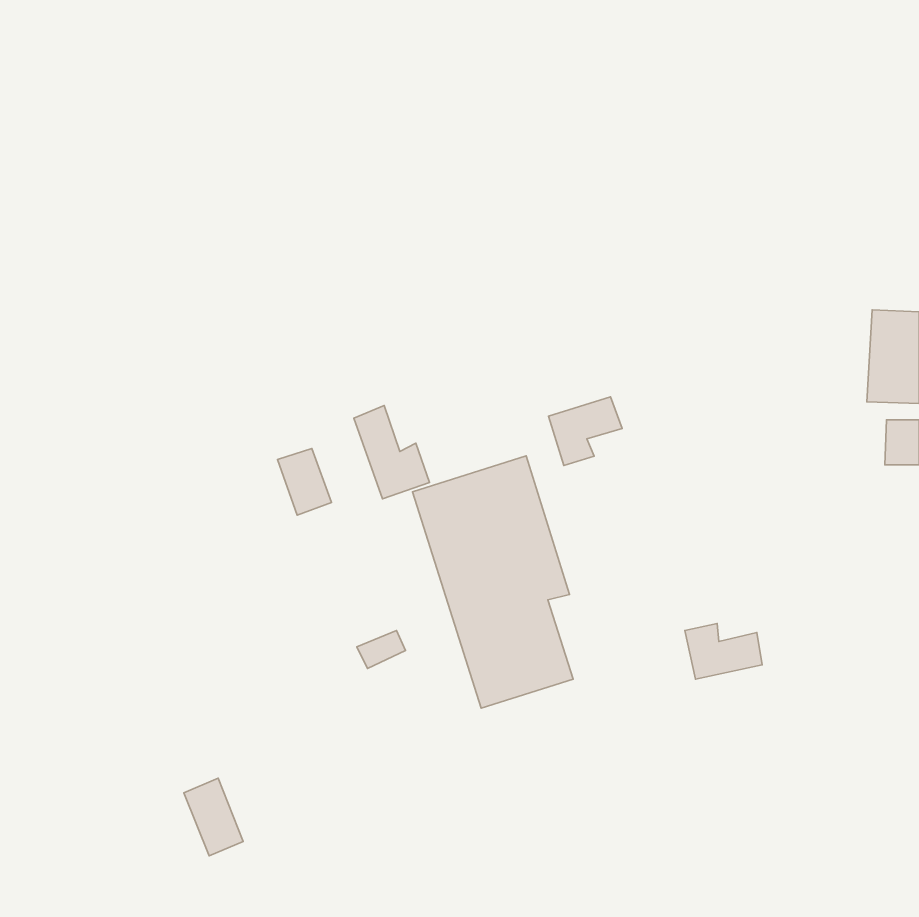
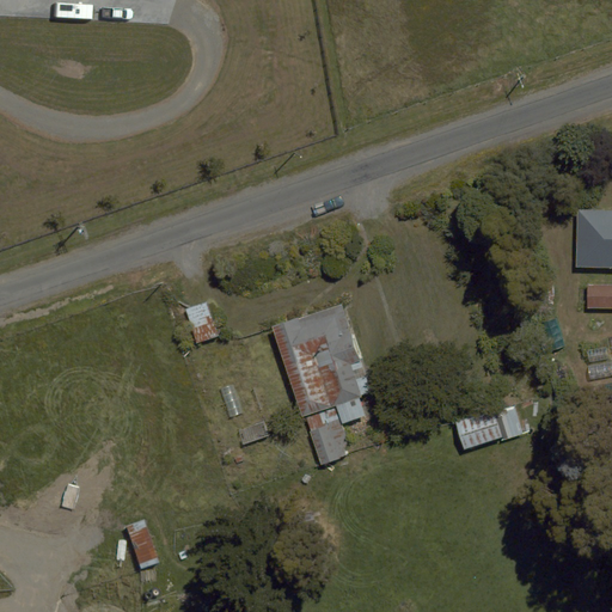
building: [549,397,622,465] -> none
building: [354,405,430,499] -> none

